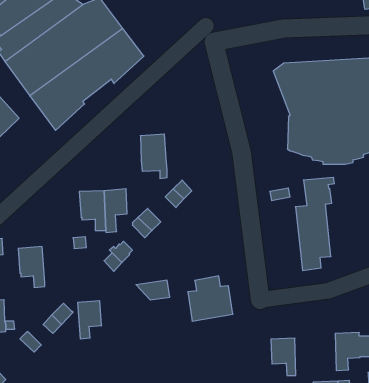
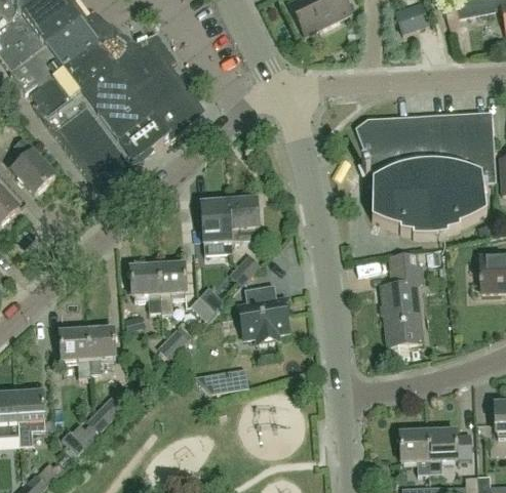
building: none -> [229,197,260,240]
building: [188,276,233,321] -> [238,284,290,336]
building: [78,301,102,339] -> [87,327,115,371]
building: [271,338,296,375] -> [399,429,428,473]

